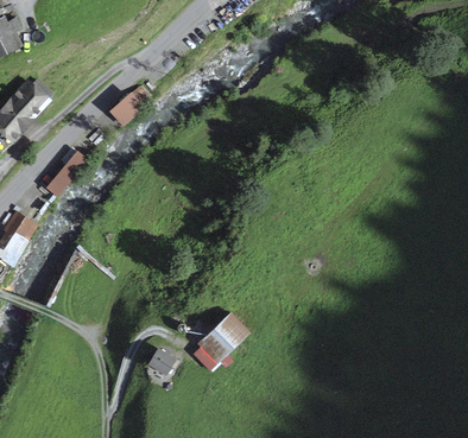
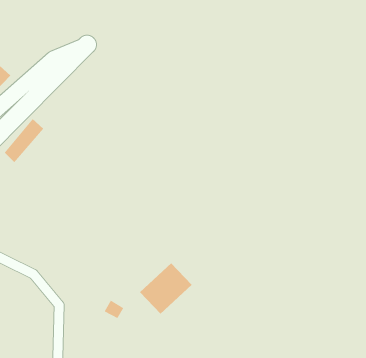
building: [106,90,143,126] -> none

